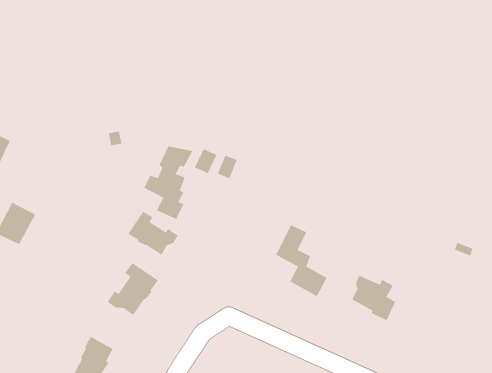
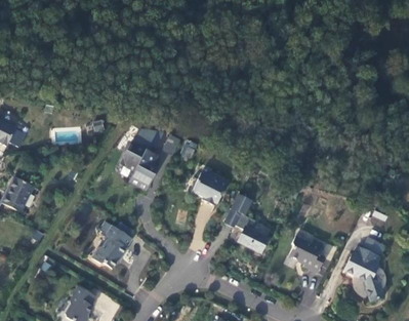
building: none -> [192,172,230,207]
building: [128,211,178,255] -> none
building: none -> [343,238,383,303]

